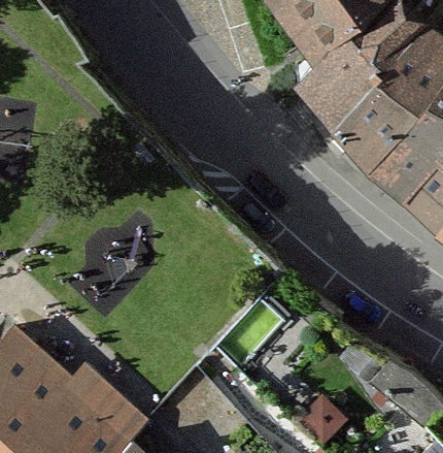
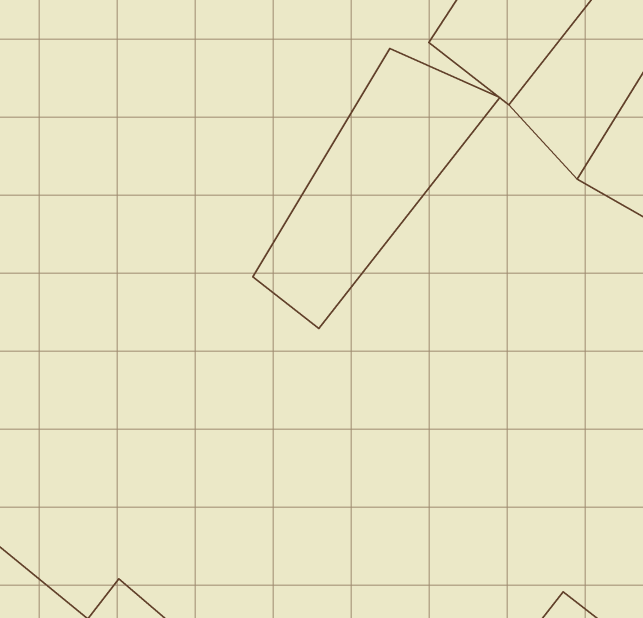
building: none -> [253,48,500,328]

